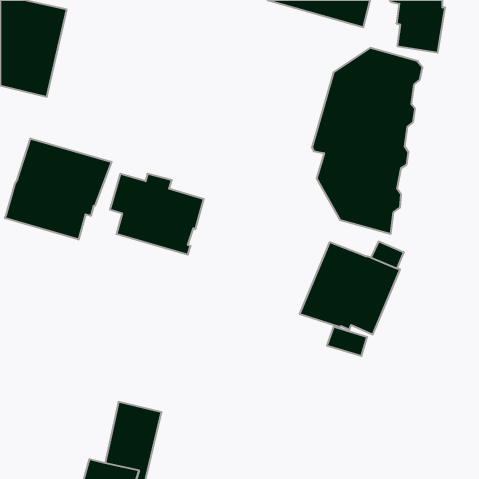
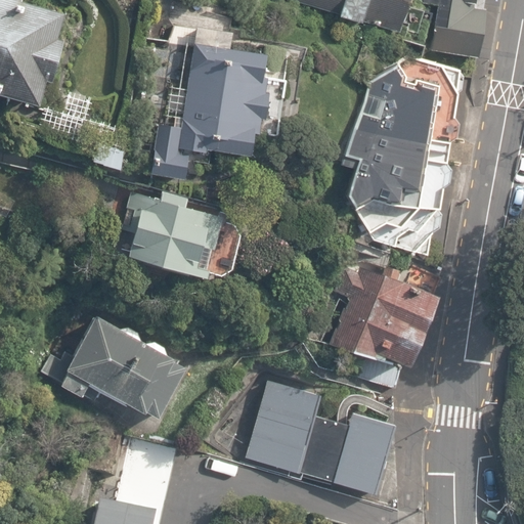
building: none -> [150,43,269,180]
building: [5,138,112,240] -> none
building: none -> [48,316,185,419]
building: none -> [245,381,395,494]

